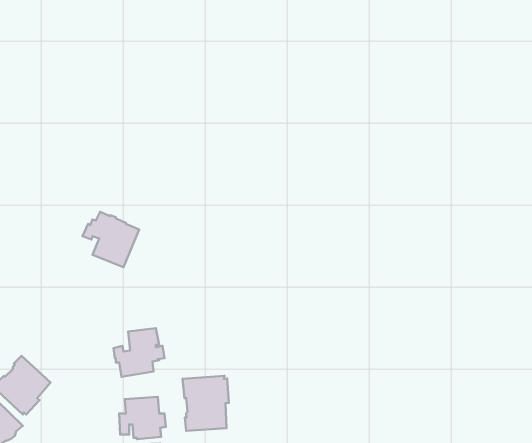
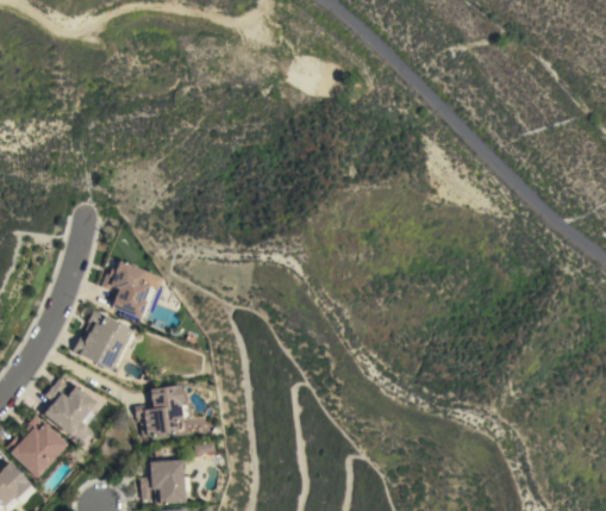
building: none -> [73,310,132,370]
building: none -> [43,378,96,447]
building: [183,376,229,431] -> none

